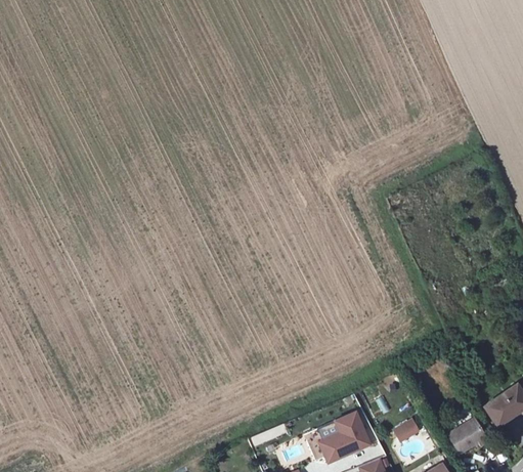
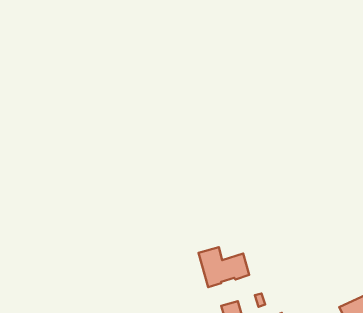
building: none -> [199,247,249,287]

